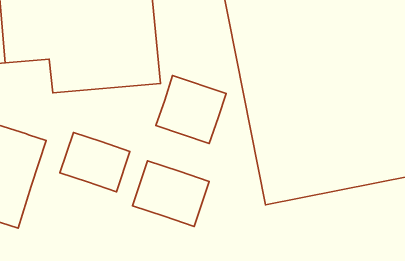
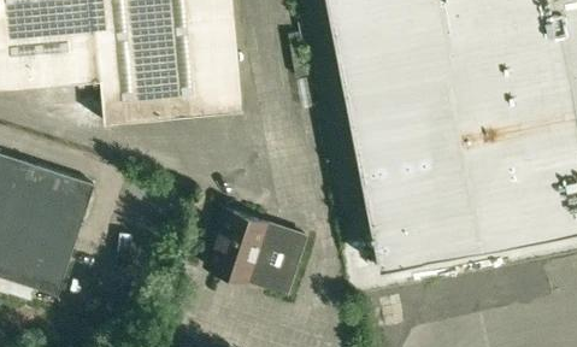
building: [156,76,226,143] -> none
building: [60,133,130,192] -> none

